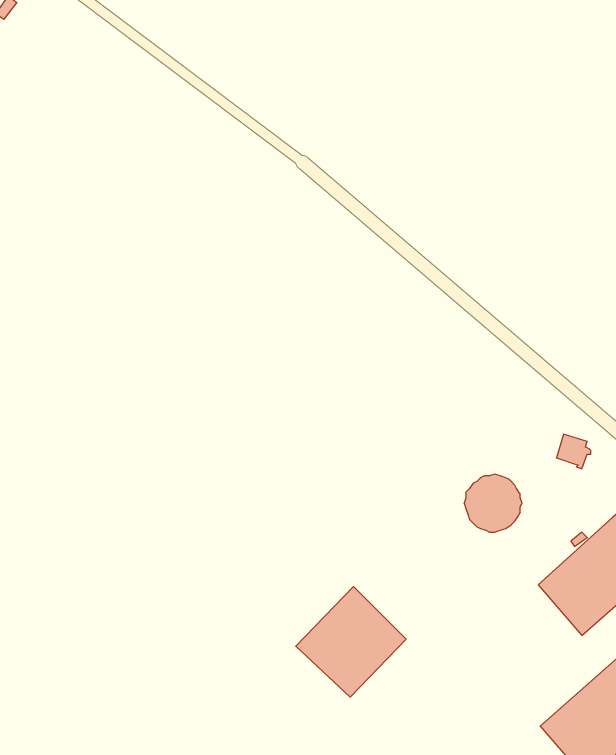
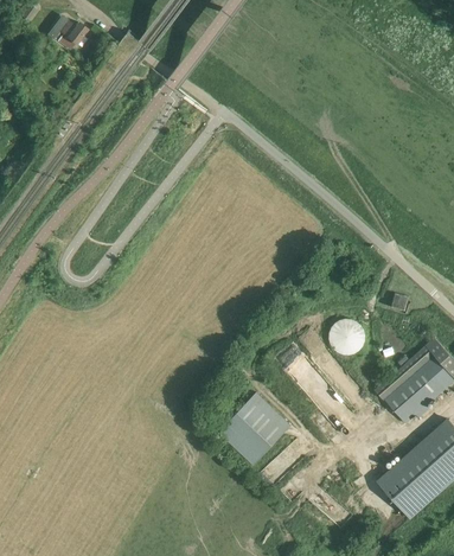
building: none -> [50,19,88,51]

